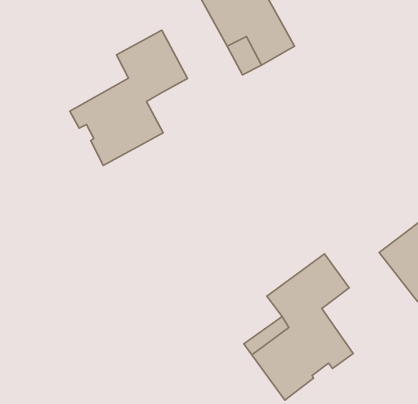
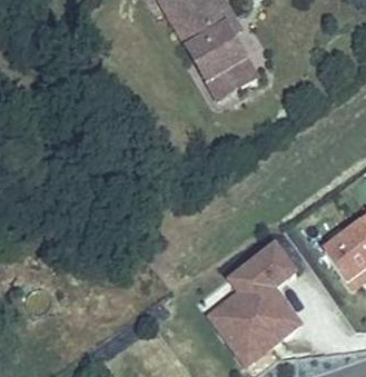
building: [70,30,187,165] -> none

